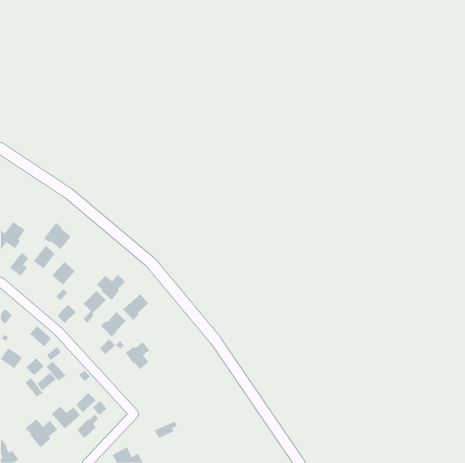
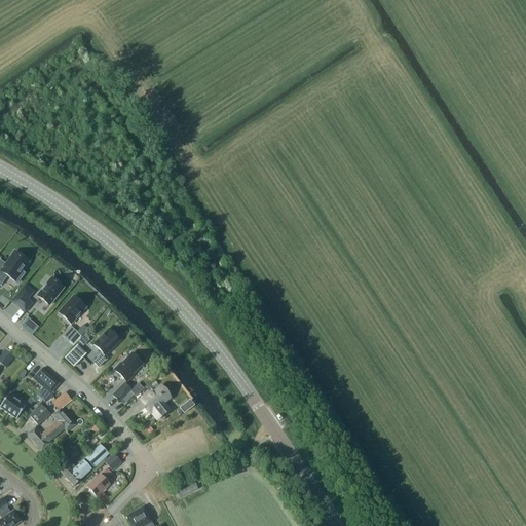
building: [43,222,72,250] -> none
building: [96,274,126,301] -> none
building: [122,293,149,321] -> none
building: [25,418,58,448] -> none

